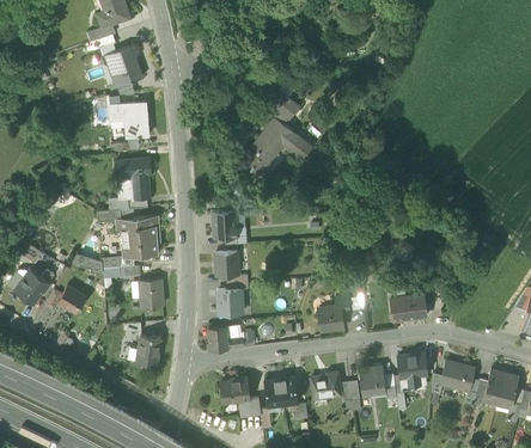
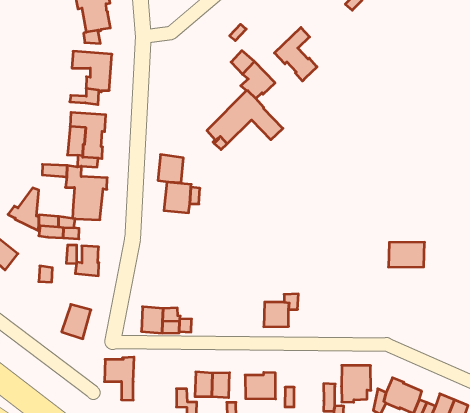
building: none -> [274,27,317,81]
building: [215,252,238,276] -> [158,155,183,182]
building: [218,289,243,314] -> none
building: [391,294,426,321] -> [388,242,425,267]
building: [358,367,385,392] -> none
building: [220,376,251,417] -> [104,357,134,400]

